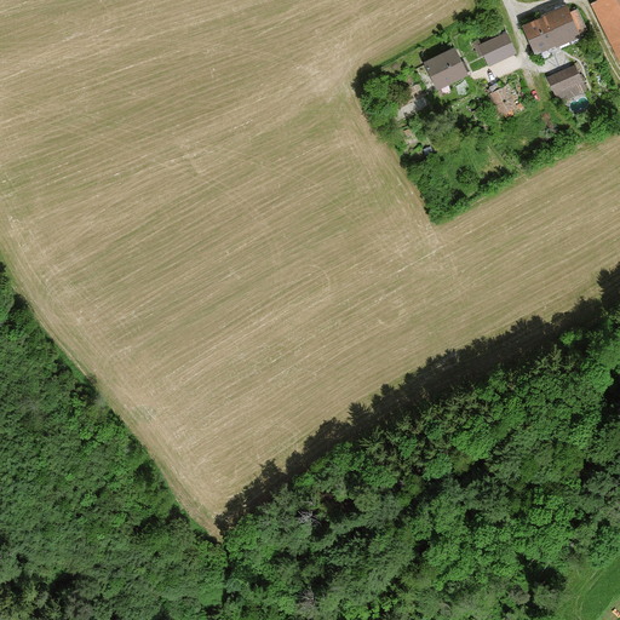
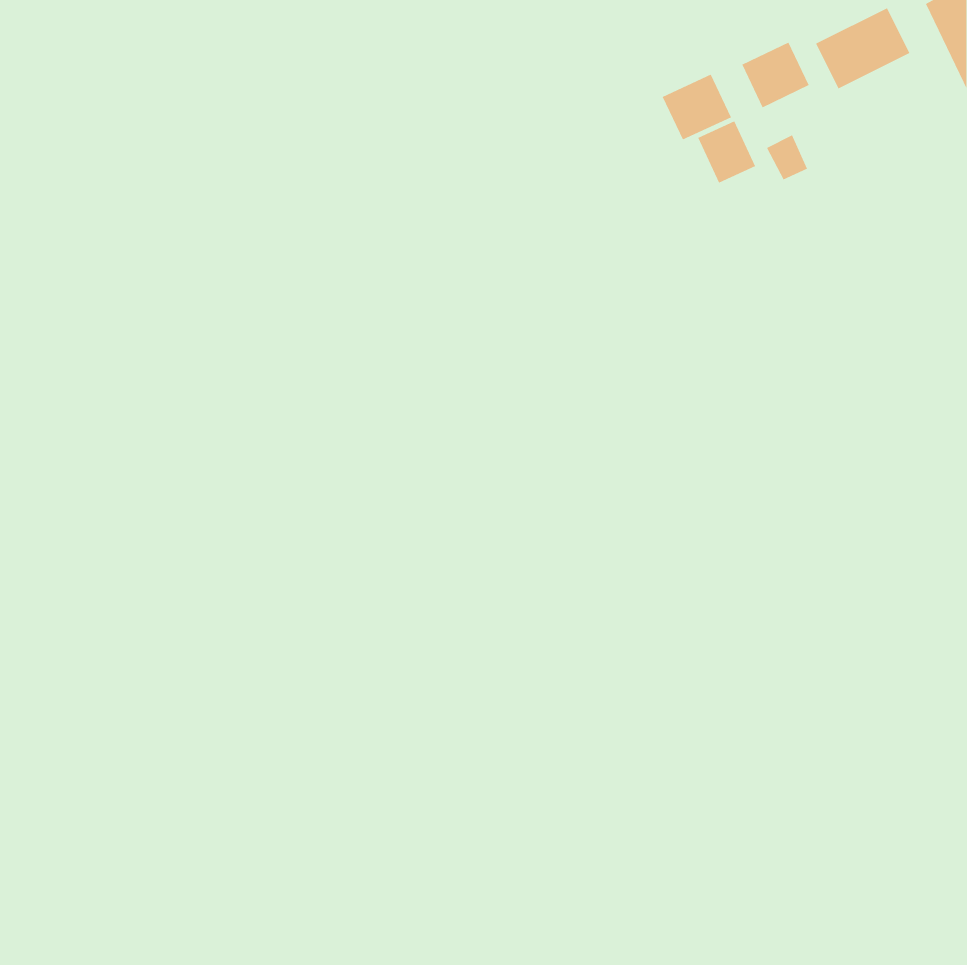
building: [547,65,587,102] -> none
building: none -> [698,120,756,183]

